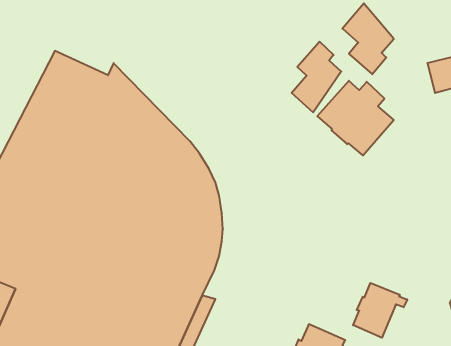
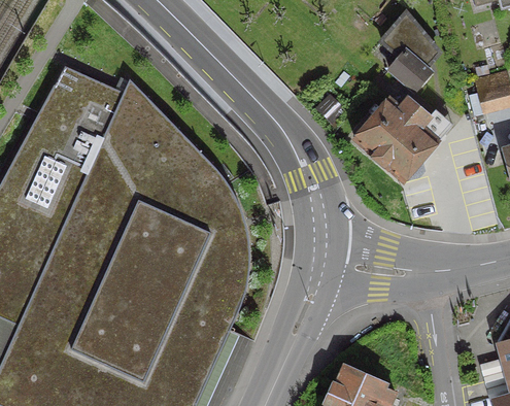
building: [292,42,341,112] -> none
building: [353,283,407,338] -> none

